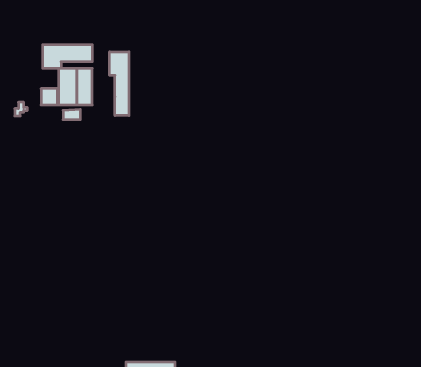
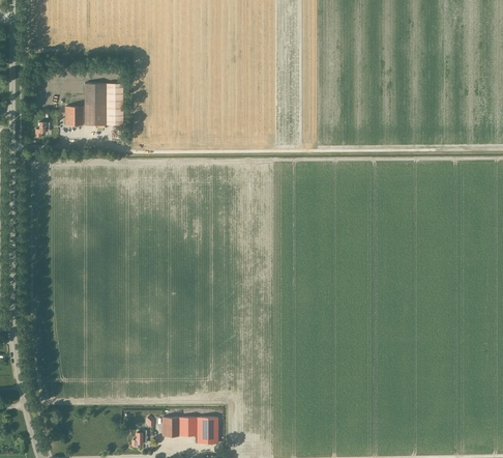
building: [43,45,92,68] -> none
building: [110,52,129,116] -> none

